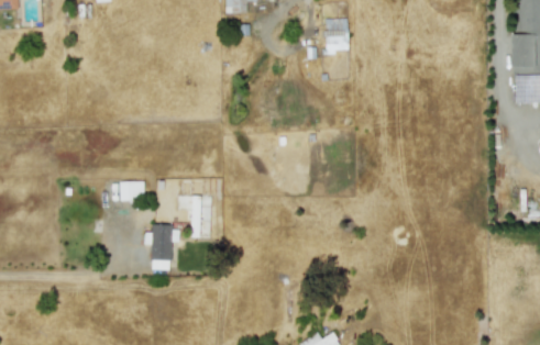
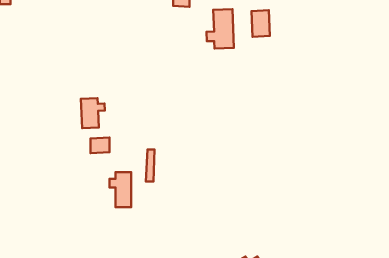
building: none -> [207,9,234,49]
building: none -> [81,98,105,128]

